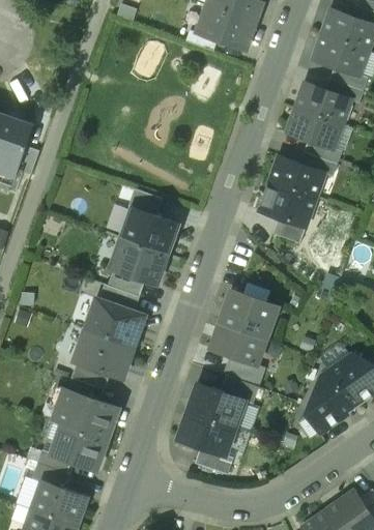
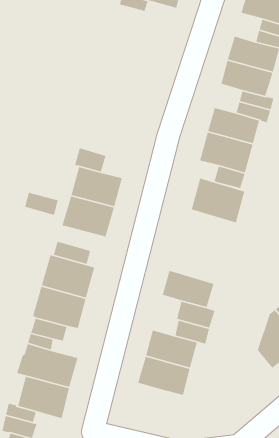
building: [108,270,144,297] -> [24,192,58,216]
building: [219,290,277,341] -> [191,178,245,224]
building: [194,447,232,475] -> none

